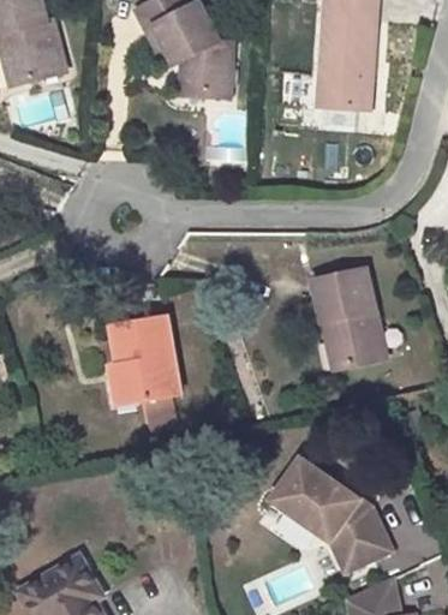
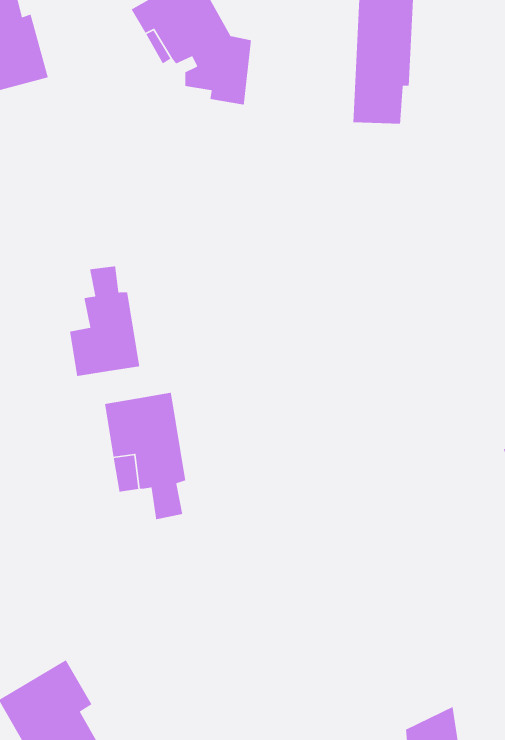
building: none -> [69,266,140,377]
building: [315,271,384,363] -> none
building: [274,461,394,575] -> none

